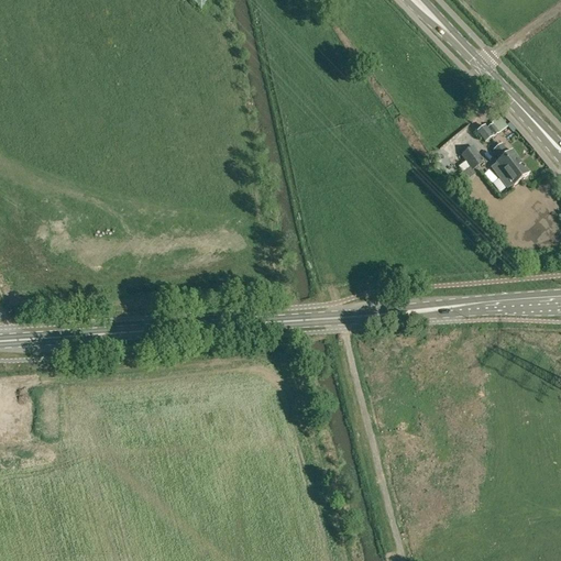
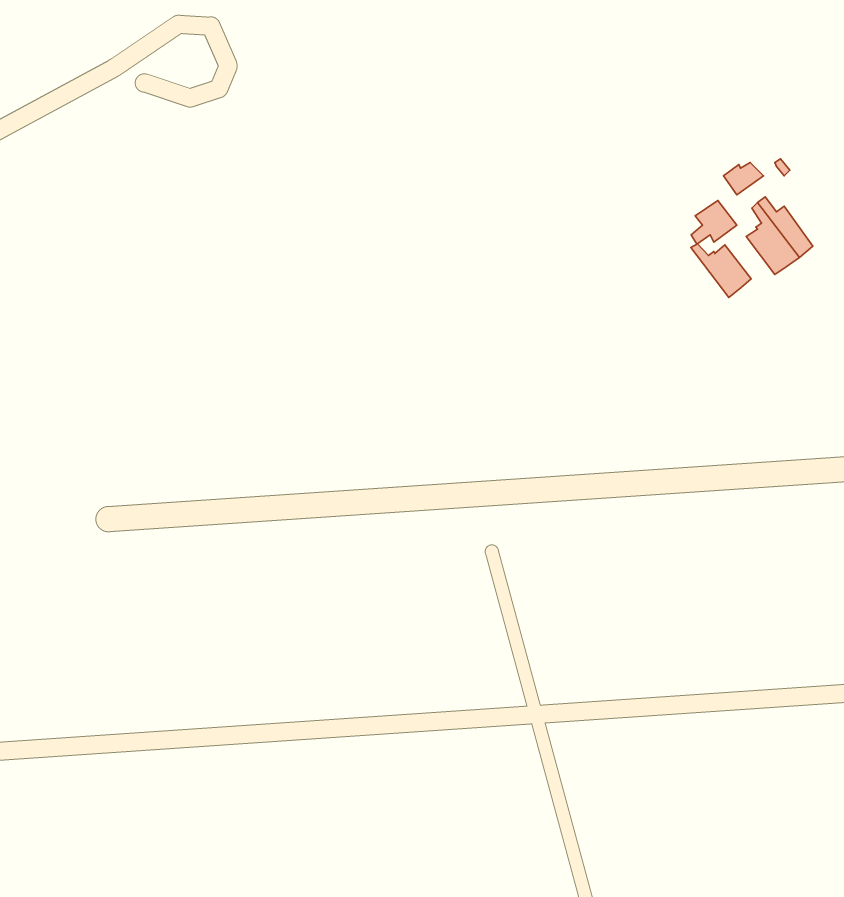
building: none -> [691,244,751,297]

